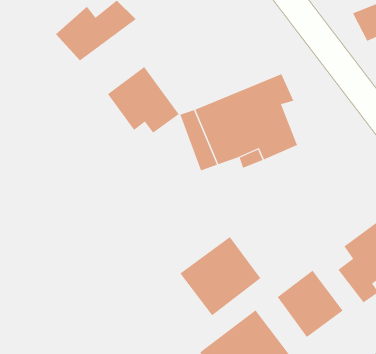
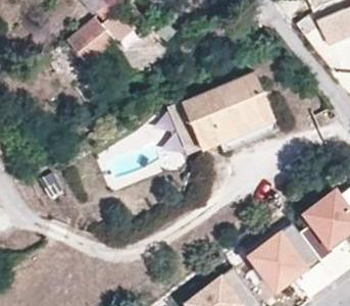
building: [107,66,180,134] -> none
building: [180,236,261,316] -> none

